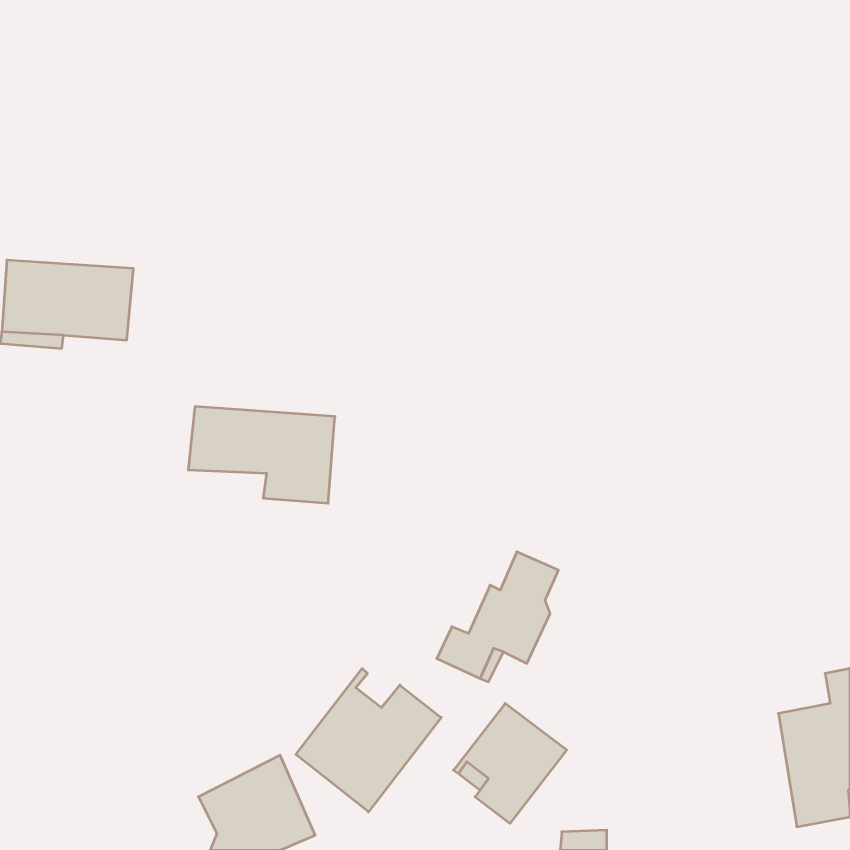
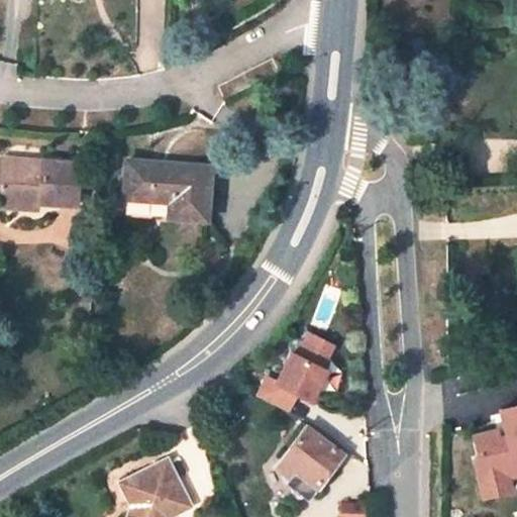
building: [188,407,335,503] -> [122,161,211,219]
building: [296,669,441,812] -> none

